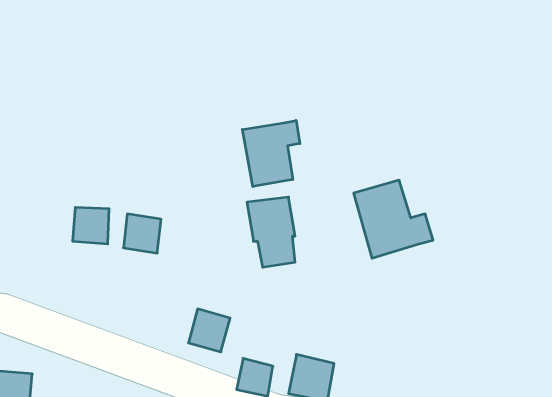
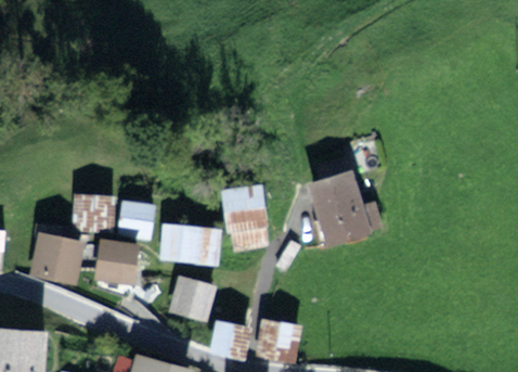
building: [242,120,300,187] -> none
building: none -> [163,226,217,261]
building: none -> [34,234,78,280]
building: none -> [96,241,135,278]

